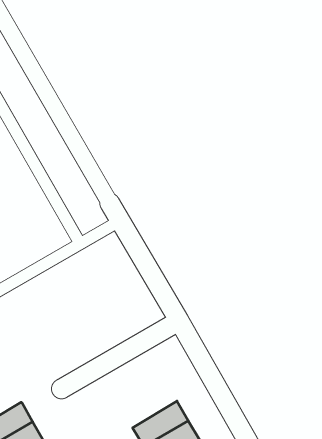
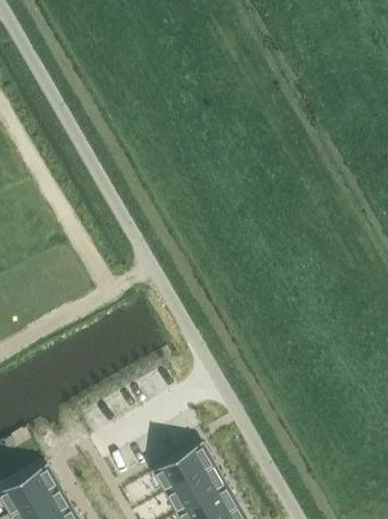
building: none -> [153,446,213,496]

